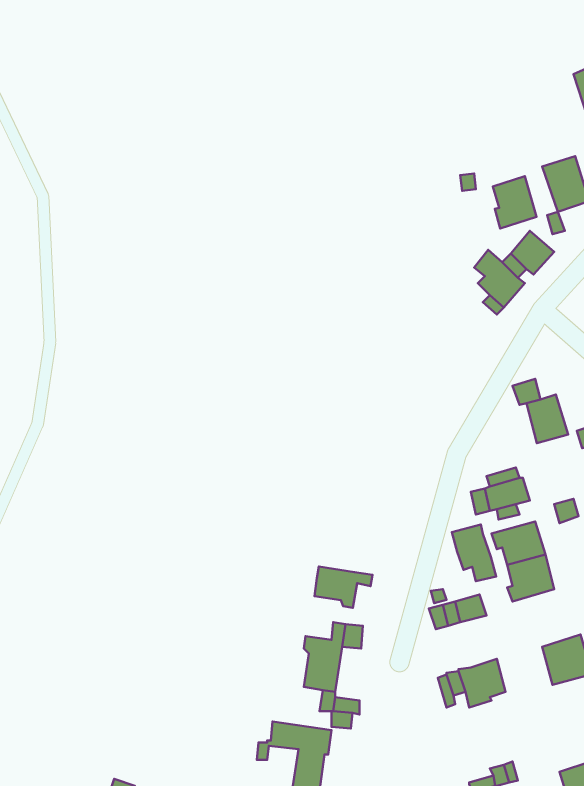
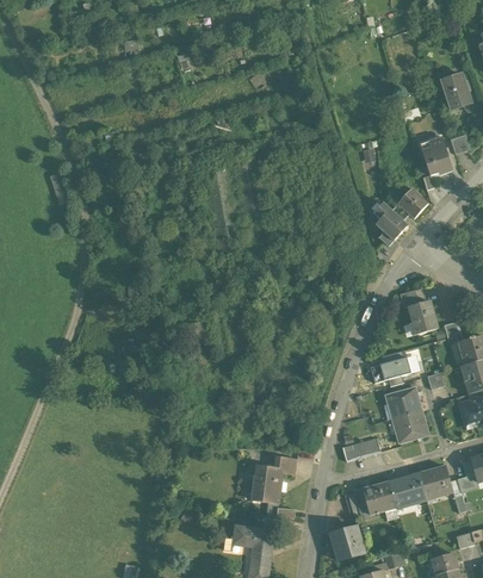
building: [493,176,537,228] -> none
building: [452,525,496,581] -> none
building: [315,567,372,608] -> none
building: none -> [388,473,426,509]
building: none -> [329,527,364,560]

